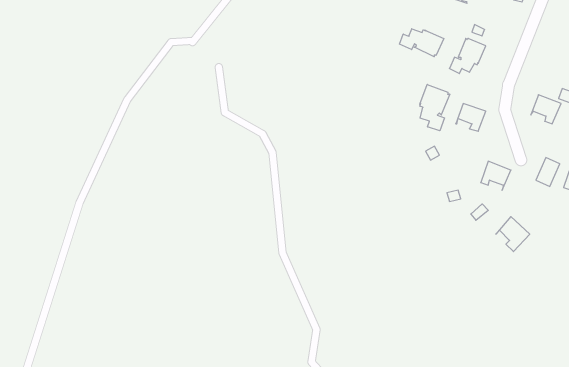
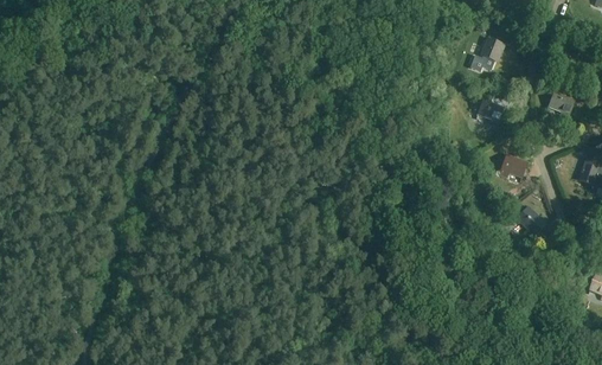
building: [399,29,444,57] -> none
building: [420,84,450,131] -> none

